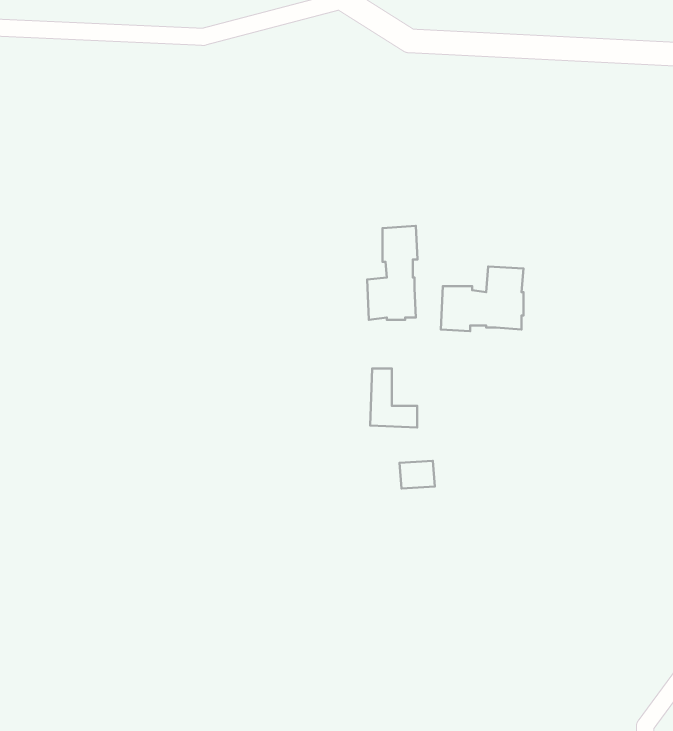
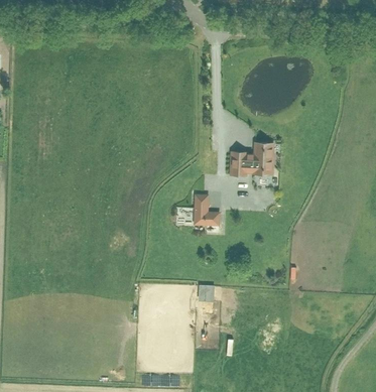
building: [367,226,417,320] -> none

